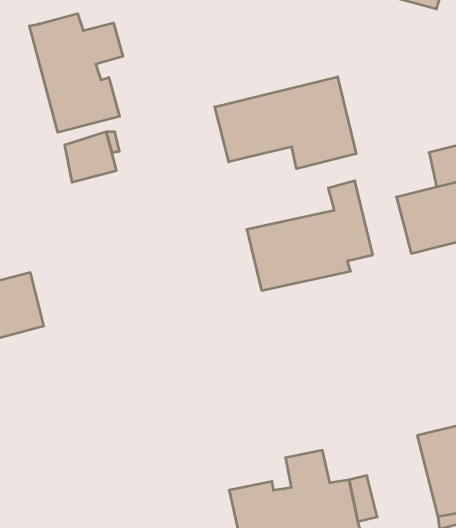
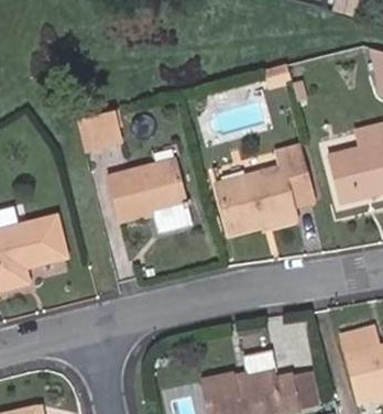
building: [29,14,123,132] -> none
building: [215,77,356,169] -> none
building: none -> [108,163,187,220]

